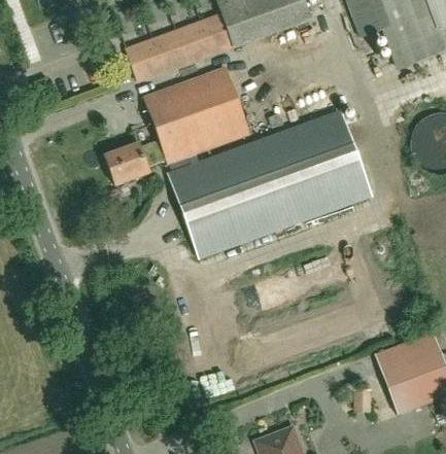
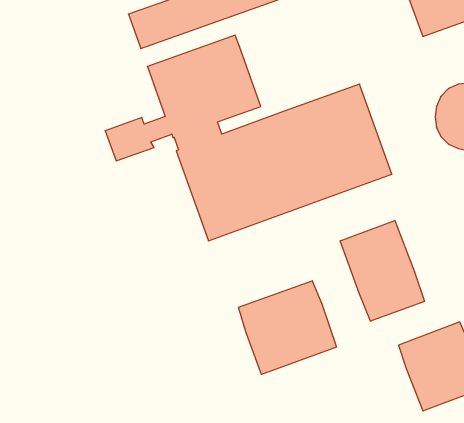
building: none -> [340,220,424,321]
building: none -> [238,281,337,374]

